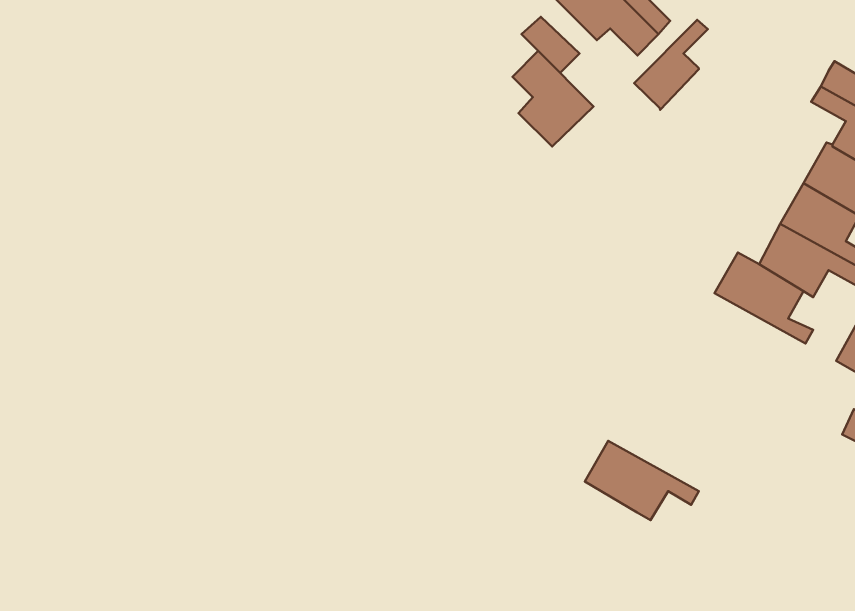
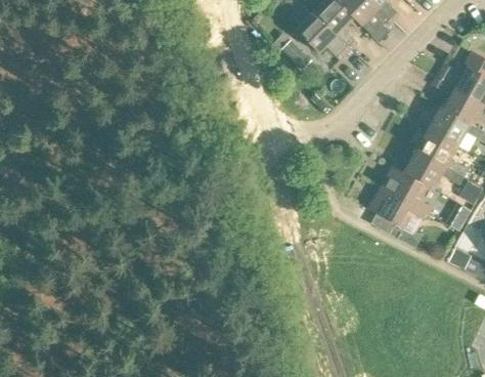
building: [634,20,708,110] -> none
building: [513,51,594,147] -> none
building: [585,441,699,520] -> [369,186,430,228]

